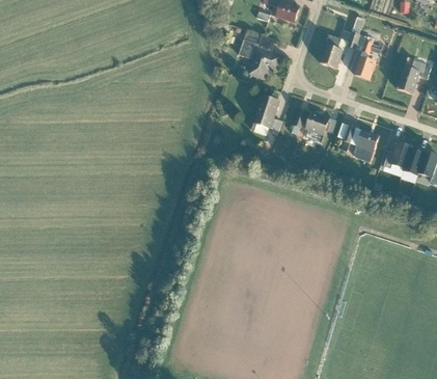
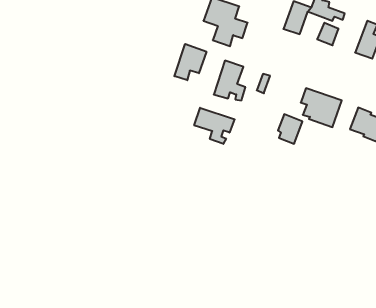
building: none -> [174,44,206,80]
building: [303,111,328,141] -> [278,114,302,144]
building: none -> [194,108,235,144]

